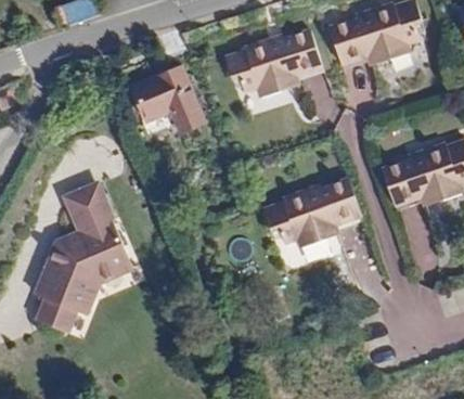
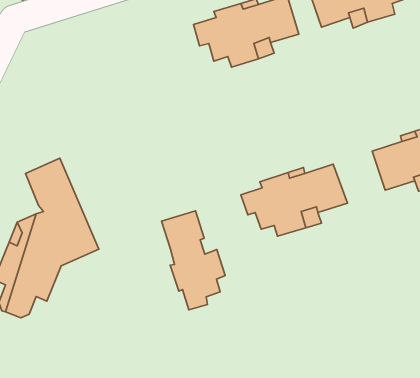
building: [137,70,208,136] -> none
building: none -> [162,211,225,310]

